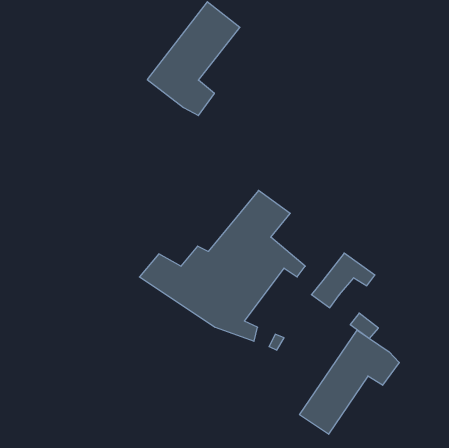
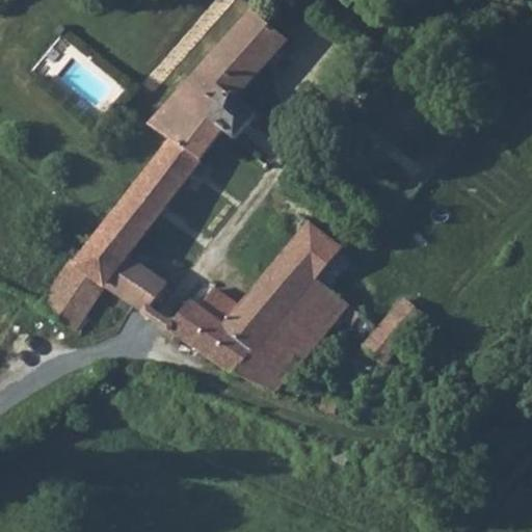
building: none -> [31,94,218,327]
building: [300,330,399,434] -> none

